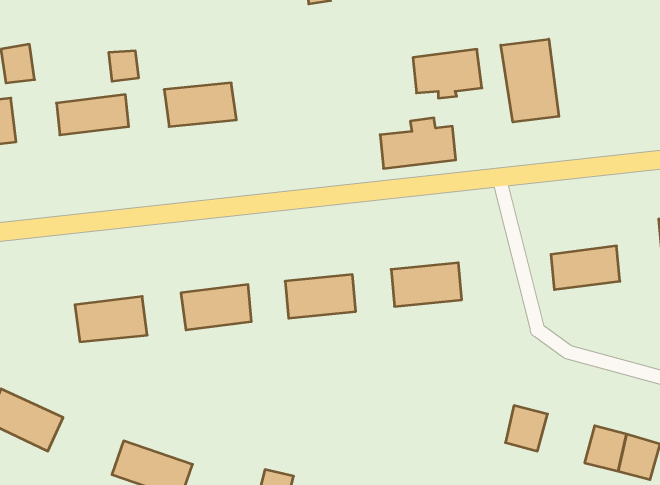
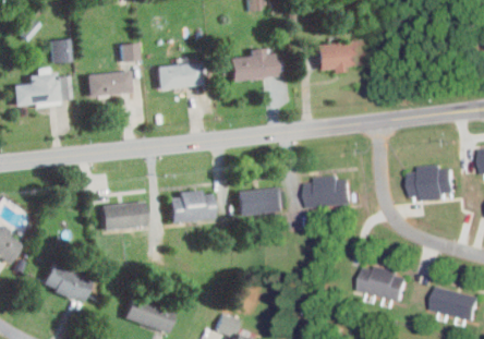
building: [501,39,559,122] -> none
building: [380,118,456,168] -> [231,49,280,82]
building: none -> [356,267,384,296]

